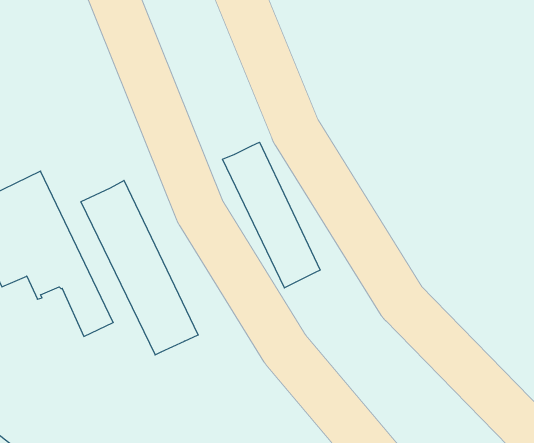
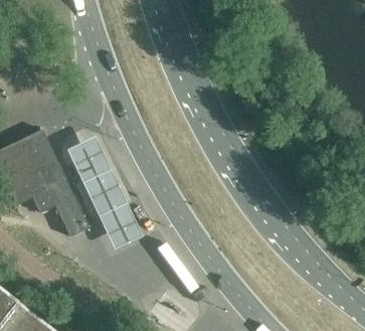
building: [222,142,320,288] -> none

